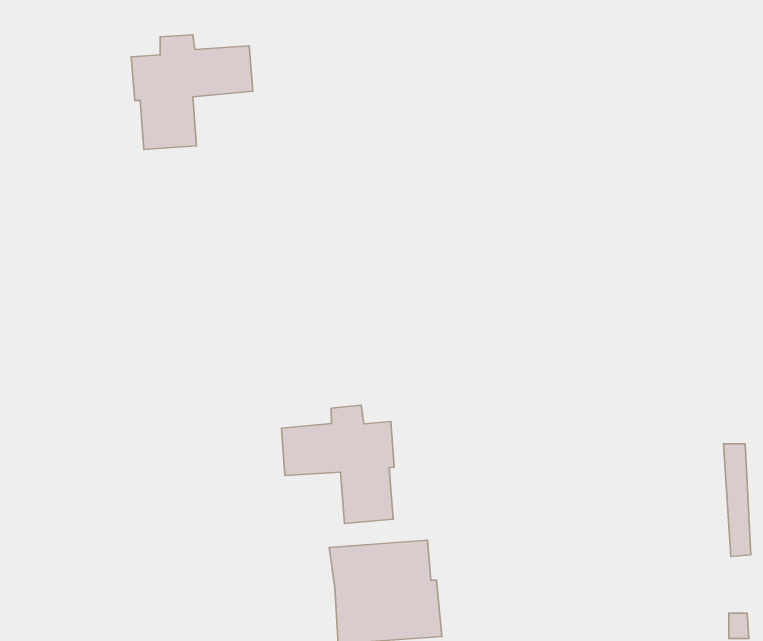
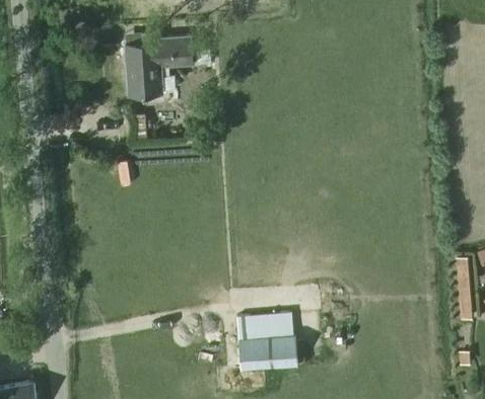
building: [281,405,394,524] -> none

